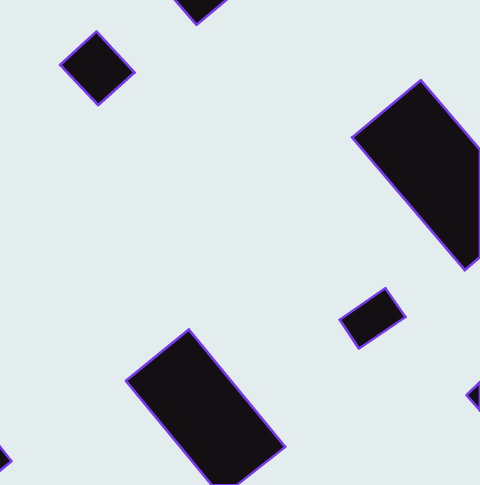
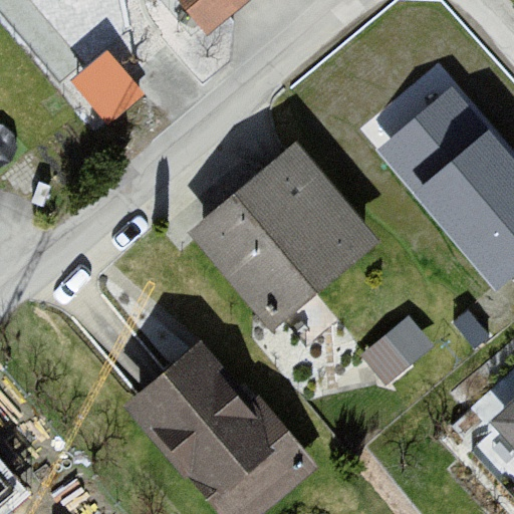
building: none -> [196,147,380,329]

